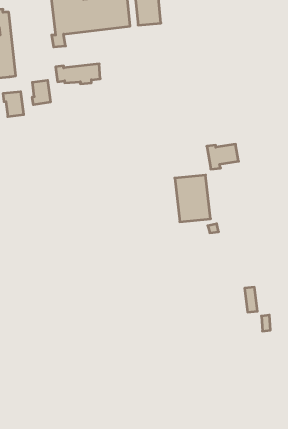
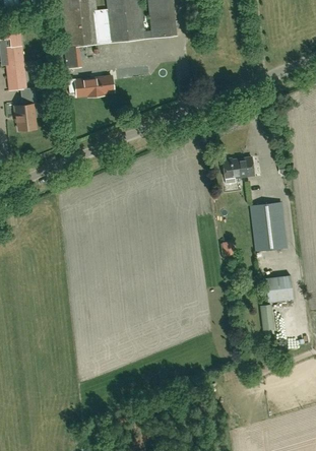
building: [32,80,50,105] -> none
building: [175,175,211,222] -> [251,203,288,251]
building: none -> [265,275,294,302]

